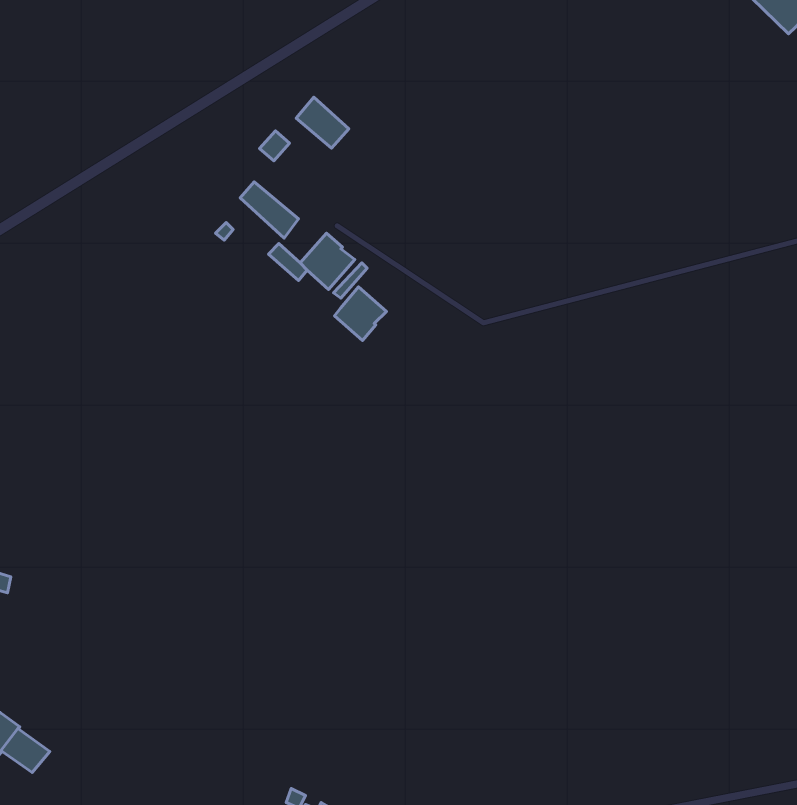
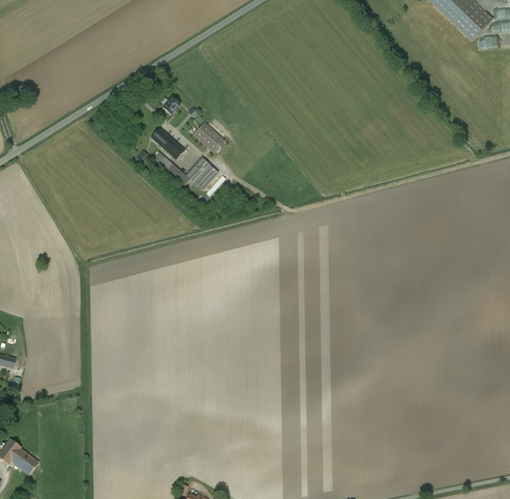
building: [296,97,349,148] -> [193,121,224,151]
building: [335,287,386,340] -> none

